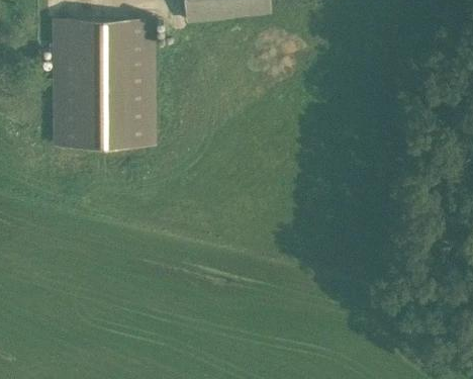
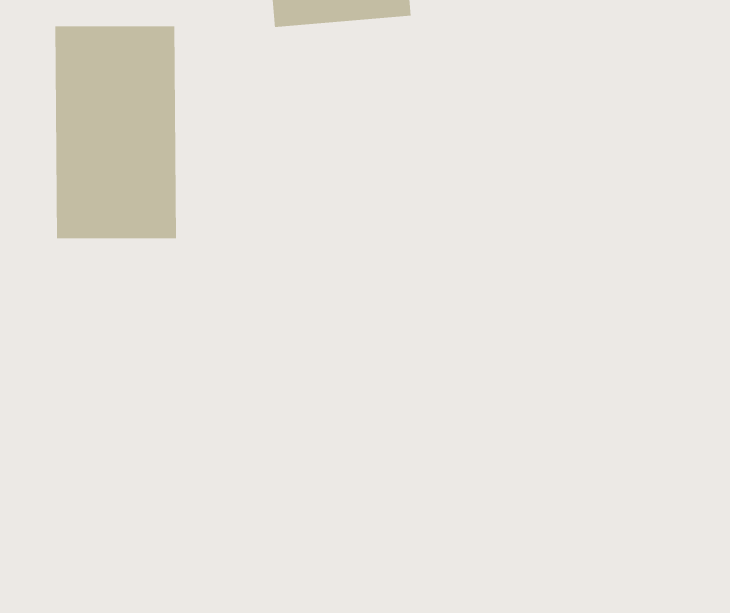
building: [127,18,154,148] -> none

